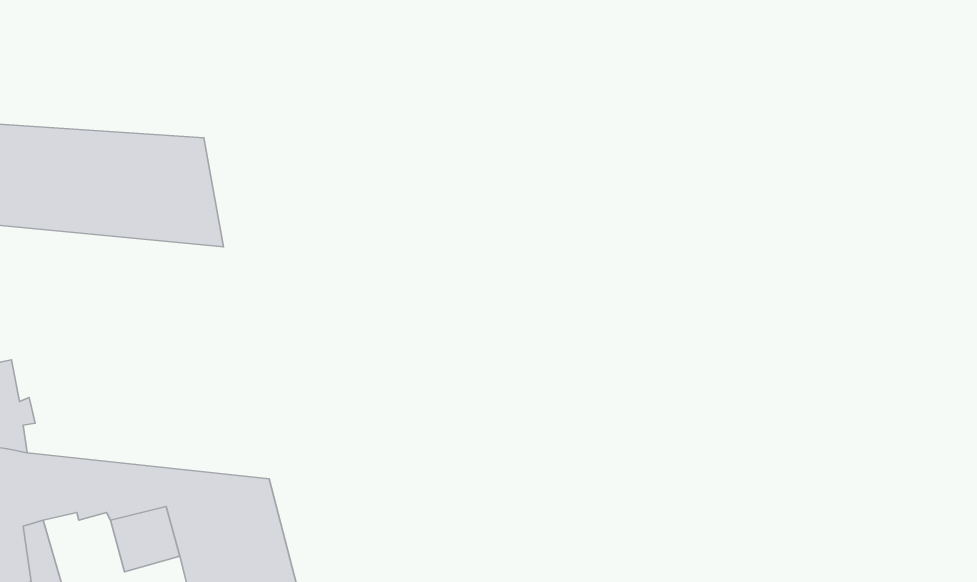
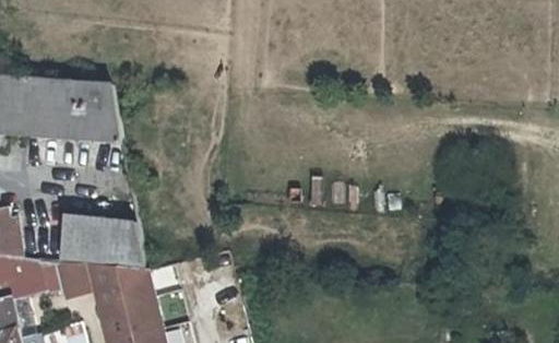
building: none -> [62,215,148,268]

